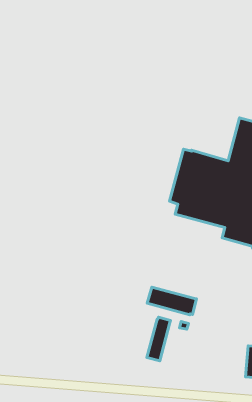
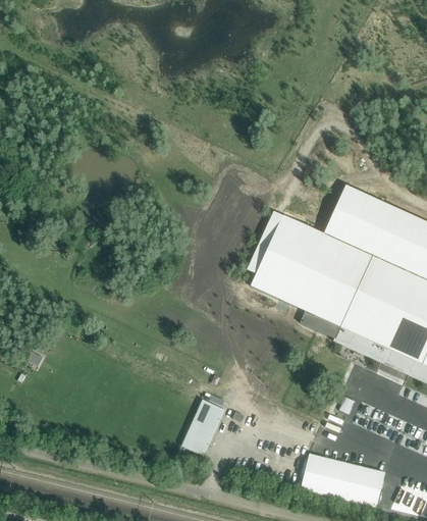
building: [147,287,196,315] -> none

